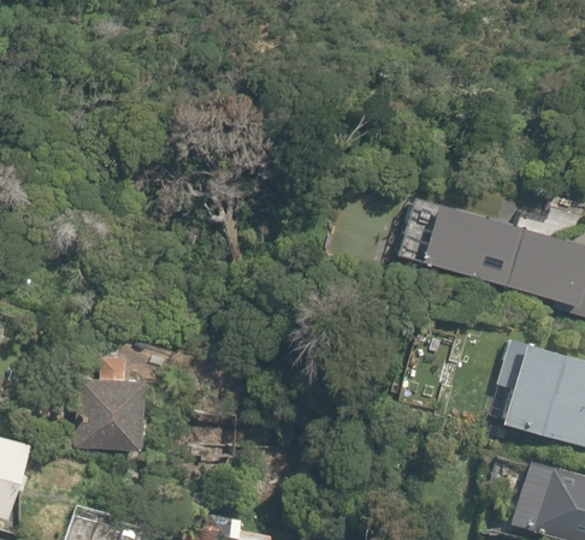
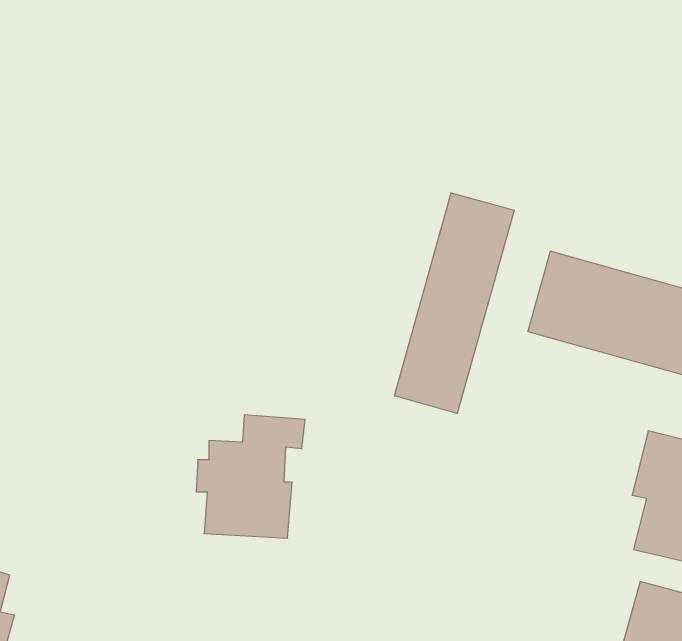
building: none -> [394,193,514,413]
building: [76,361,158,453] -> [196,415,305,538]

